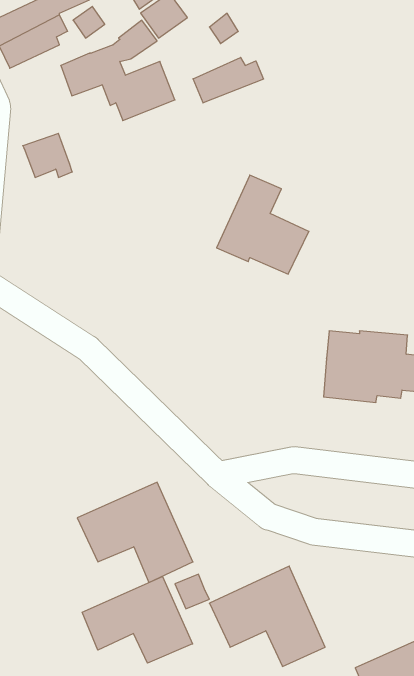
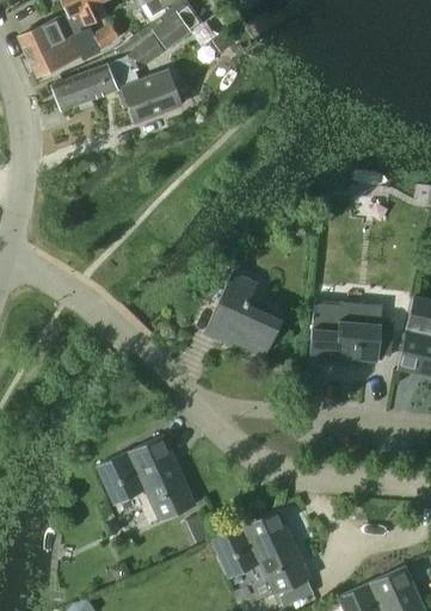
building: [193,57,263,103] -> none
building: [23,133,72,177] -> [51,74,94,112]
building: [217,175,309,274] -> [203,271,283,357]
building: [82,576,193,663] -> none

